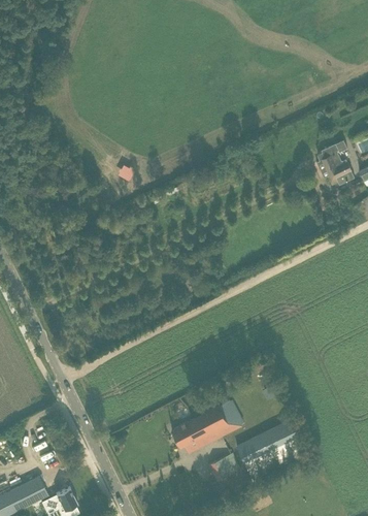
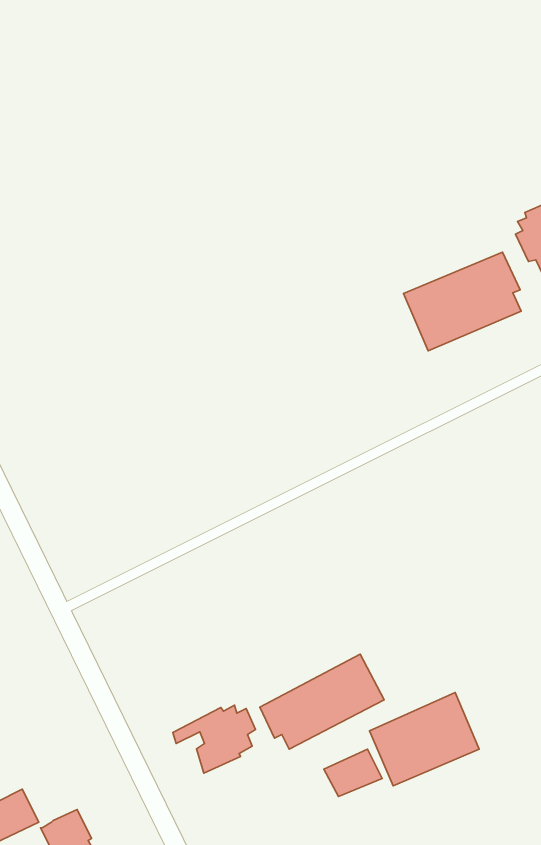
building: none -> [404,252,521,351]
building: none -> [173,705,256,773]

